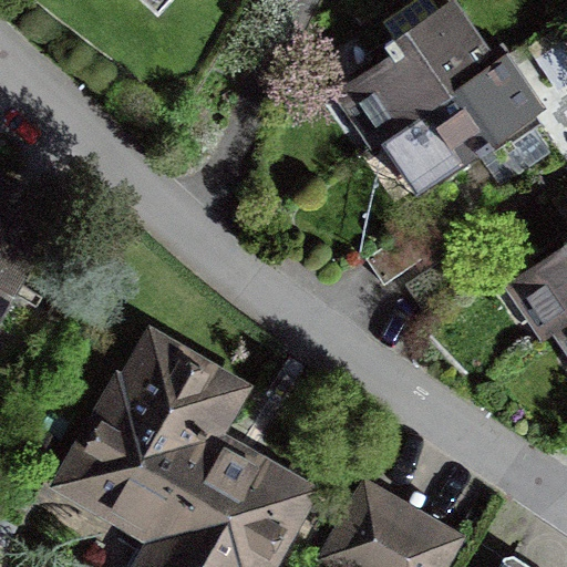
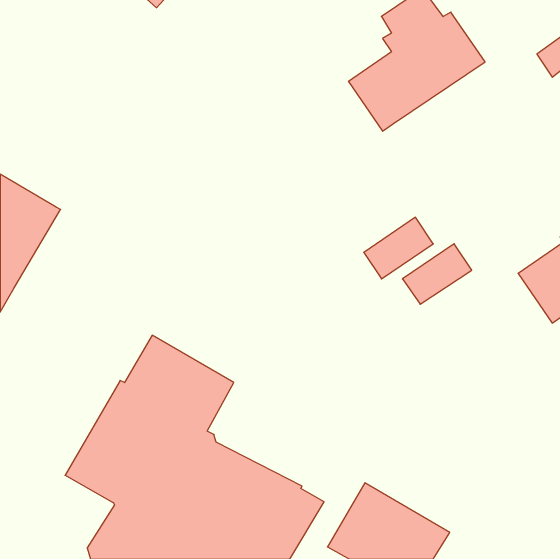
building: [399,55,536,175] -> none

